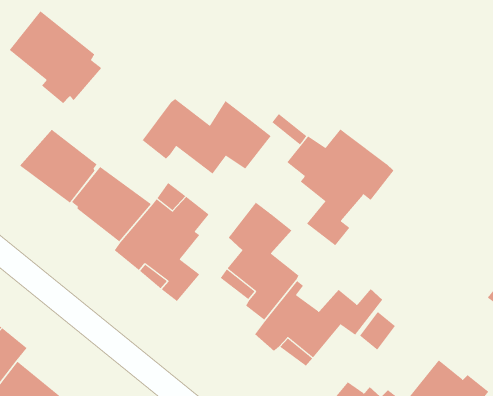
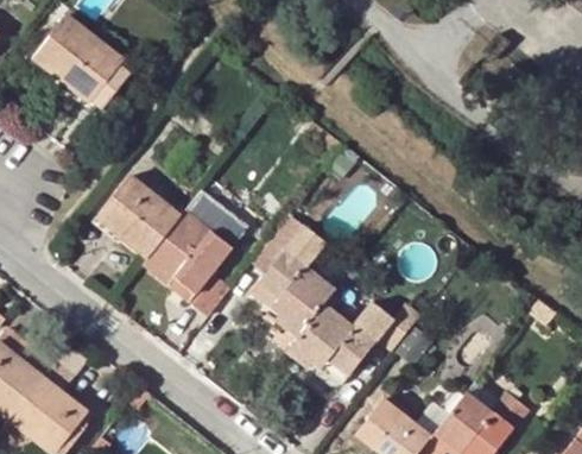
building: [142,98,271,174] -> none
building: [287,128,394,246] -> none
building: [19,129,98,204] -> none

